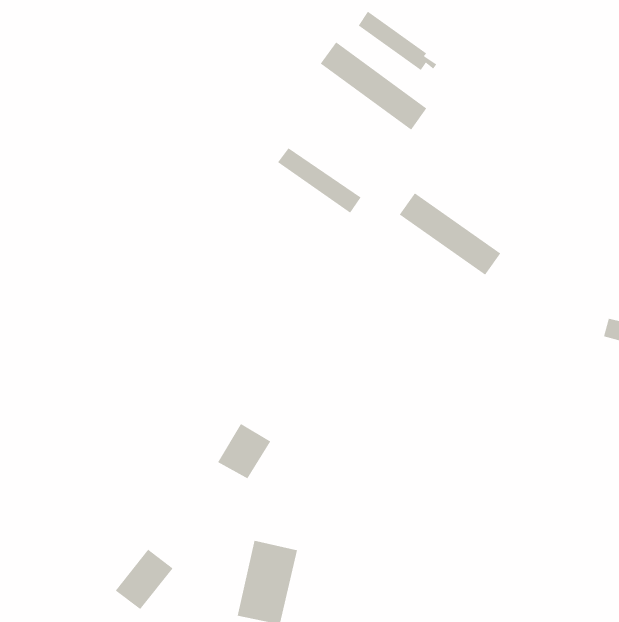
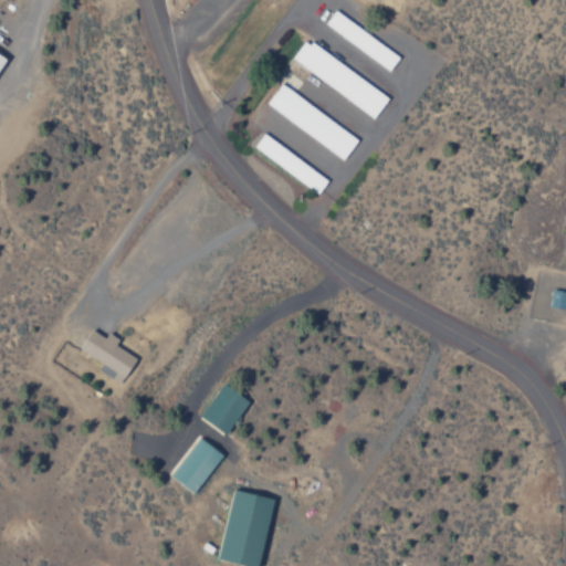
building: [399,193,501,275] -> [269,85,361,160]
building: none -> [81,331,137,385]
building: [115,549,173,610] -> [171,439,224,494]

